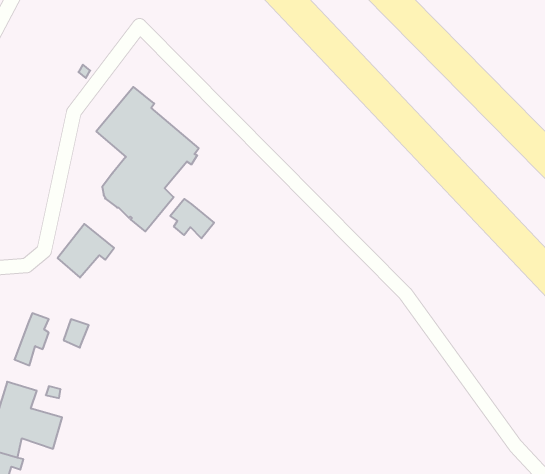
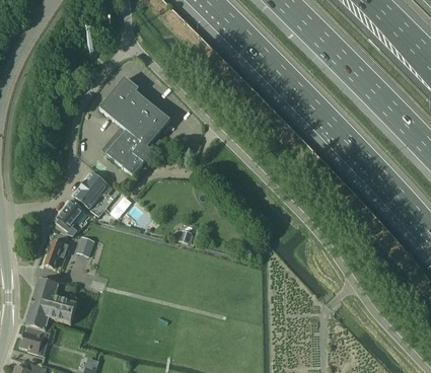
building: [170,199,214,238] -> none
building: none -> [56,200,89,236]

